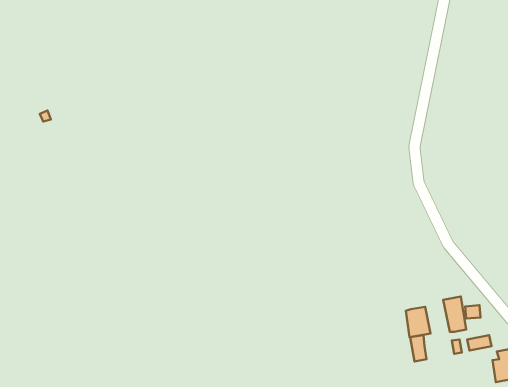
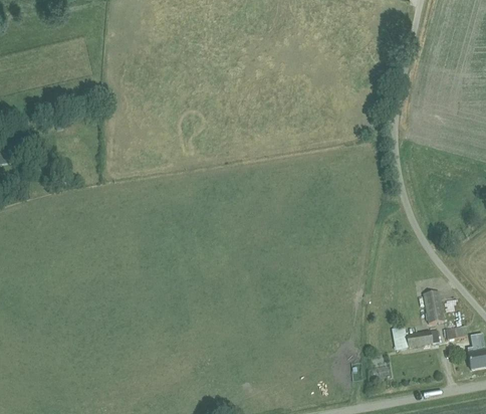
building: [406,307,430,337] -> none

